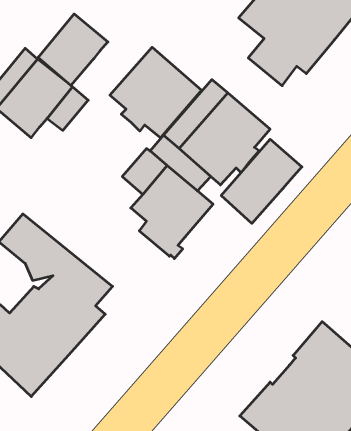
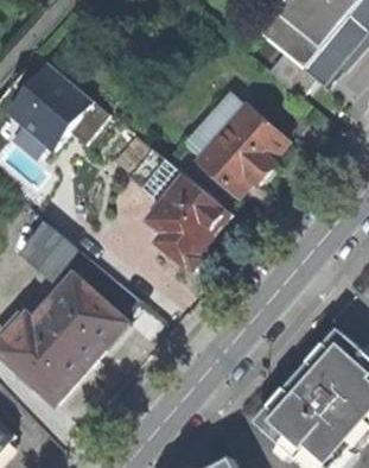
building: [38,14,108,86] -> none
building: [110,47,202,138] -> none
building: [221,139,302,223] -> none

